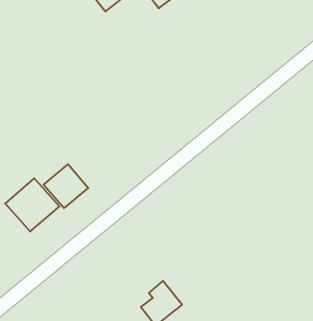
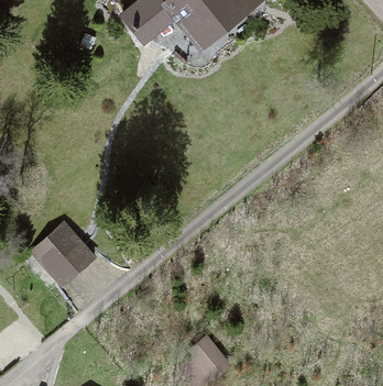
building: [44,164,88,208] -> none

